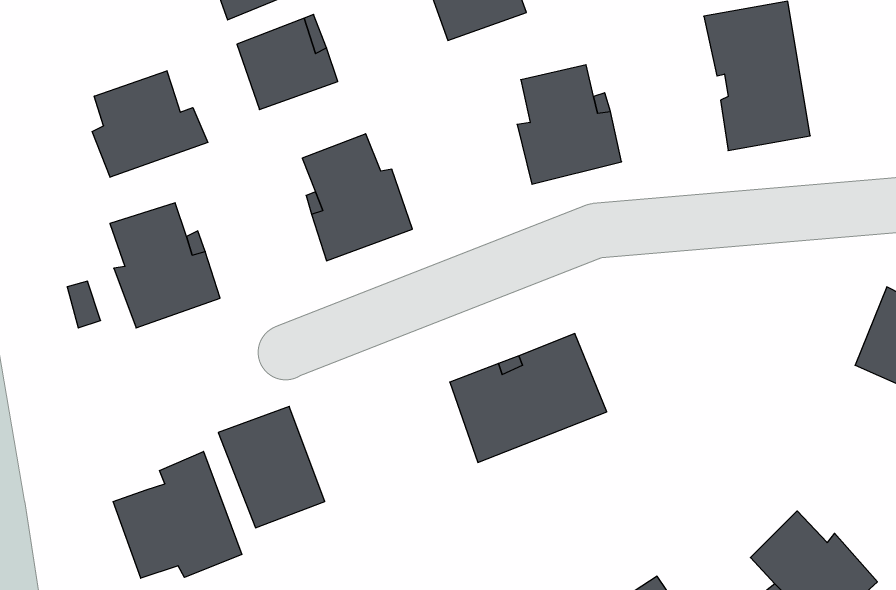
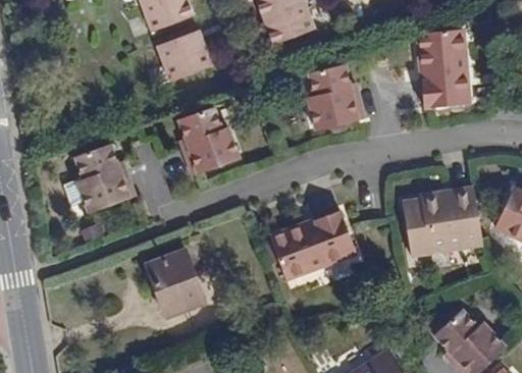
building: [92,71,208,177] -> none
building: none -> [402,183,483,254]
building: [113,451,242,578] -> none

